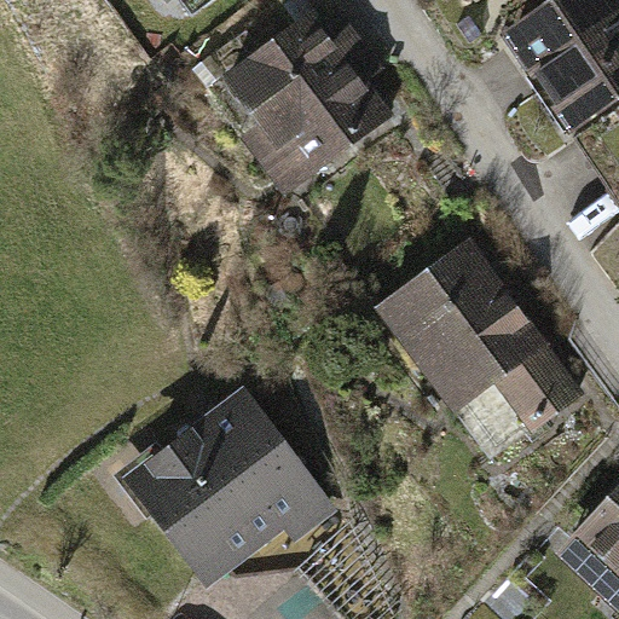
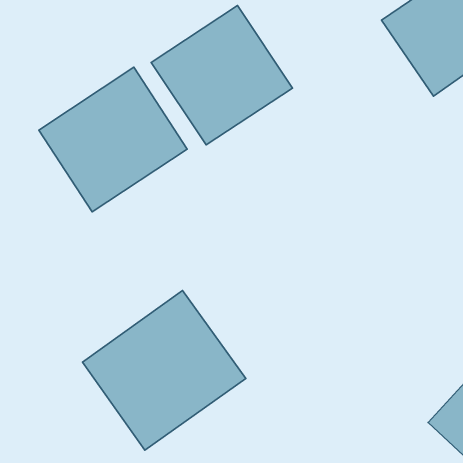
building: none -> [39,67,187,212]
building: [369,239,585,445] -> none

